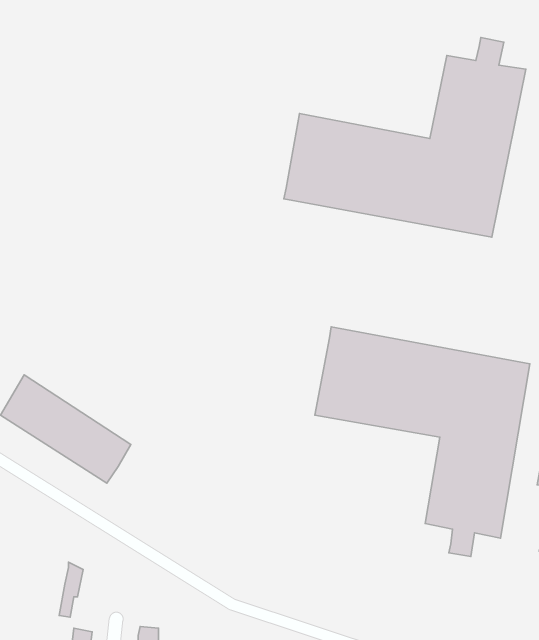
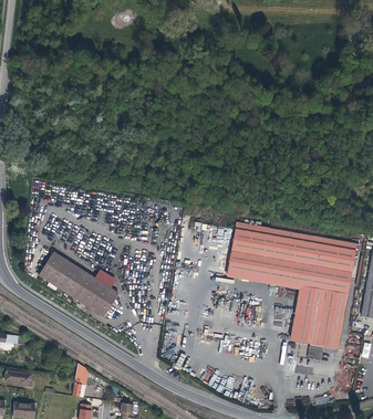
building: [284,38,526,237] -> none

